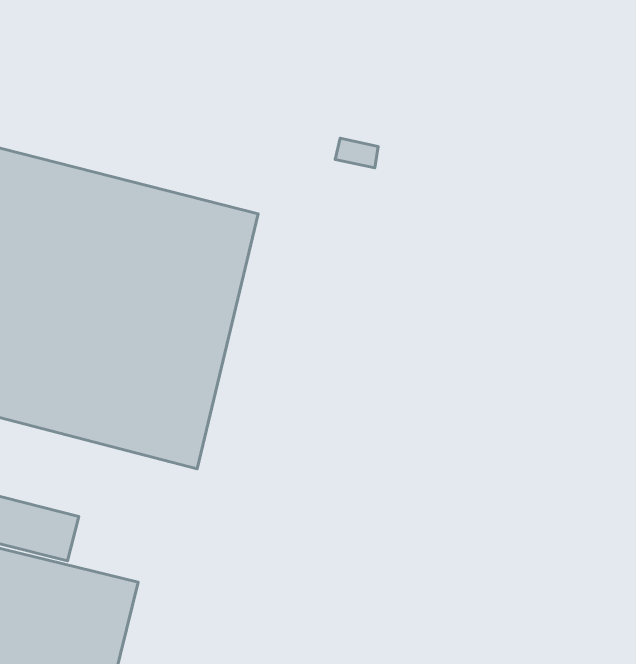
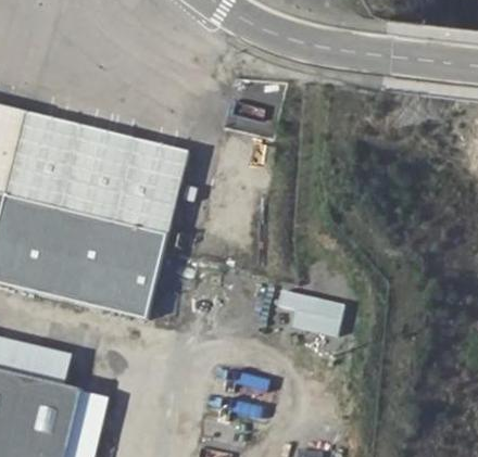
building: none -> [279,290,344,332]

